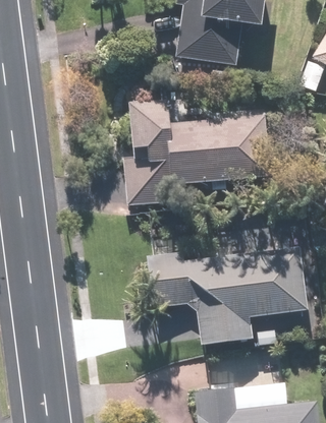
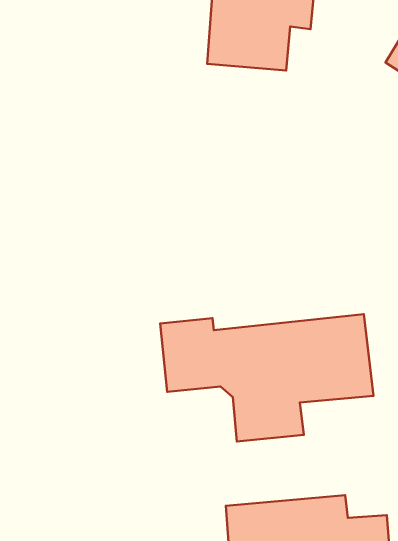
building: [126,104,269,195] -> none

